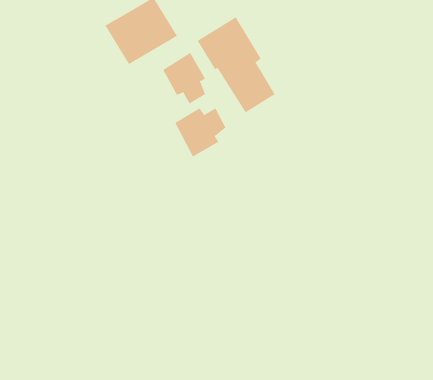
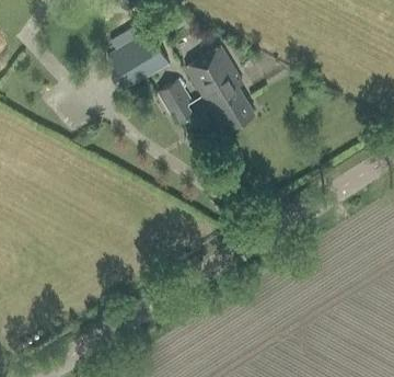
building: [175,107,226,157] -> none

